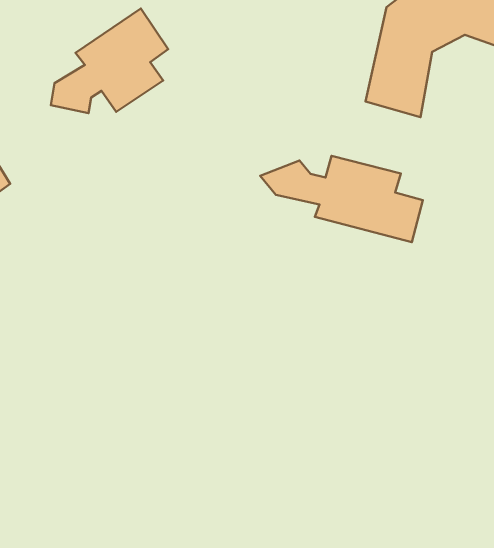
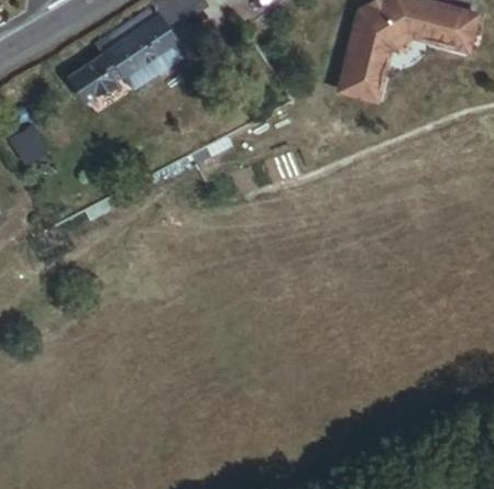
building: [260,156,423,242] -> none

